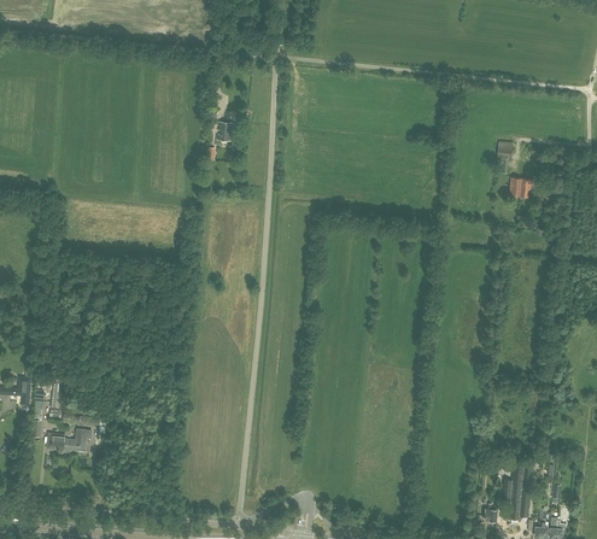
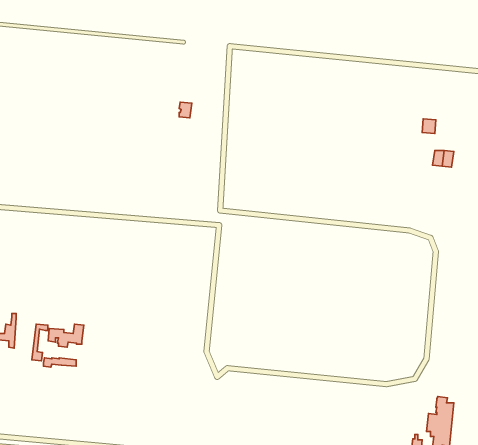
building: [46,428,87,455] -> [48,324,84,347]

